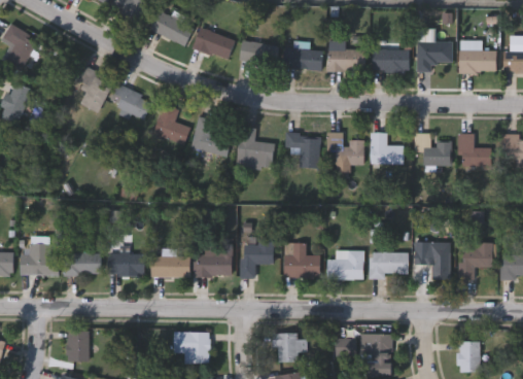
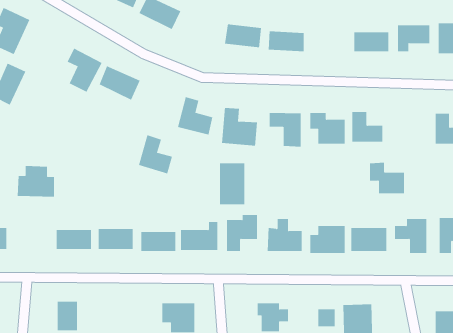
building: [193,28,236,62] -> none
building: [328,50,367,73] -> none
building: [153,105,189,146] -> [138,135,173,174]
building: [414,134,451,167] -> [369,162,405,194]
building: none -> [219,163,245,205]
building: [21,244,60,277] -> [17,165,55,197]

